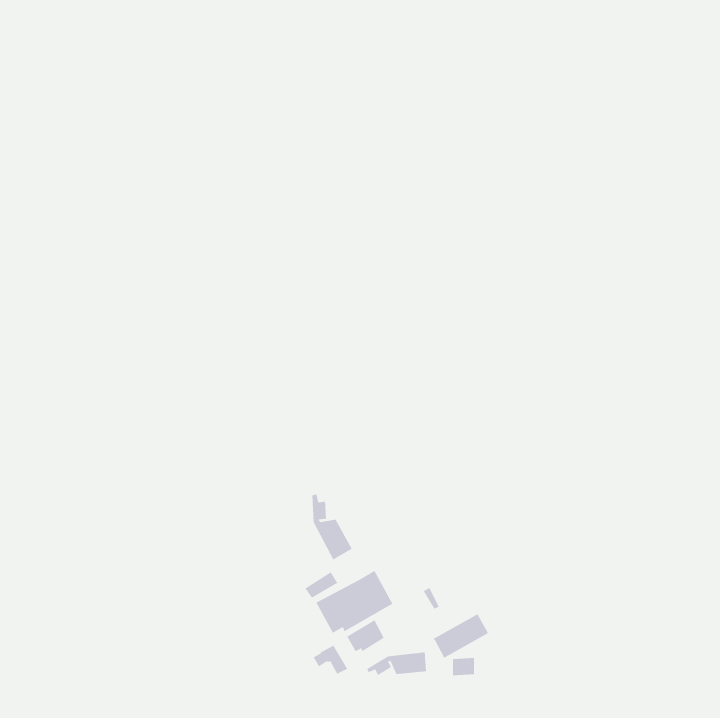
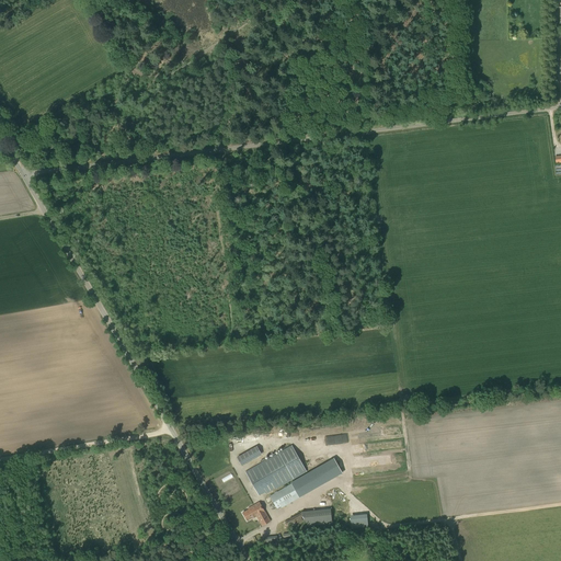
building: [312,493,353,560] -> none
building: [433,613,489,659] -> [290,461,334,496]

